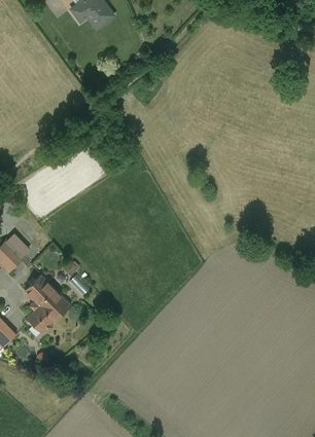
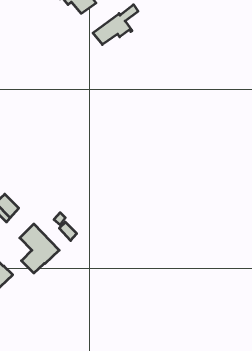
building: none -> [93,5,138,45]

